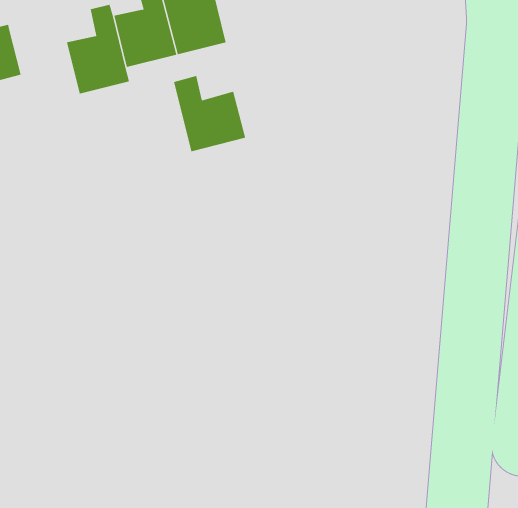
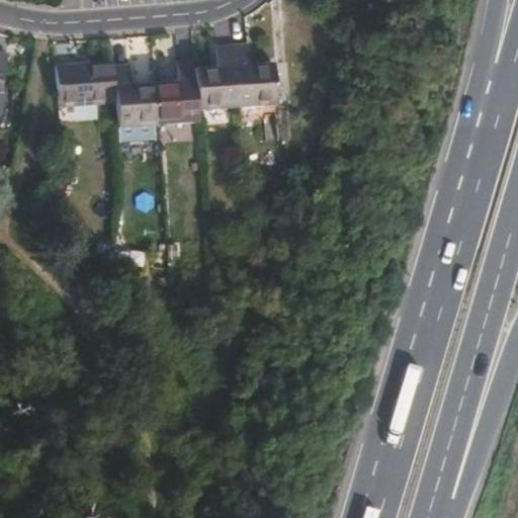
building: none -> [114,64,159,128]
building: [174,75,246,152] -> none

